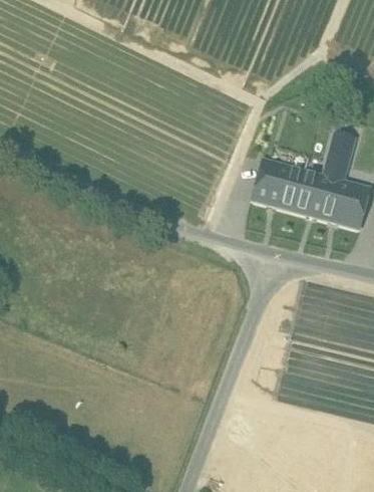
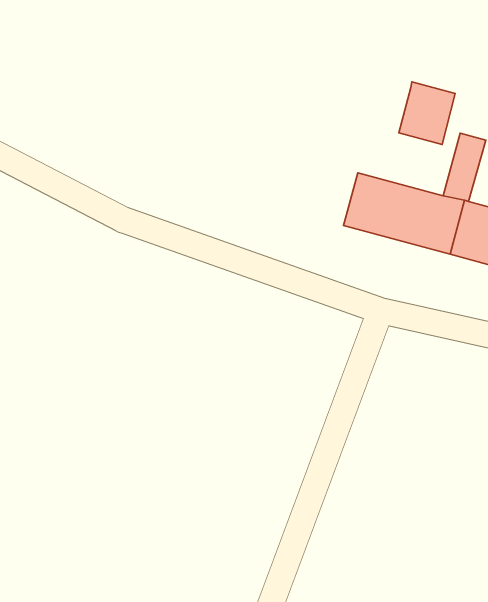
building: none -> [399,82,455,145]

